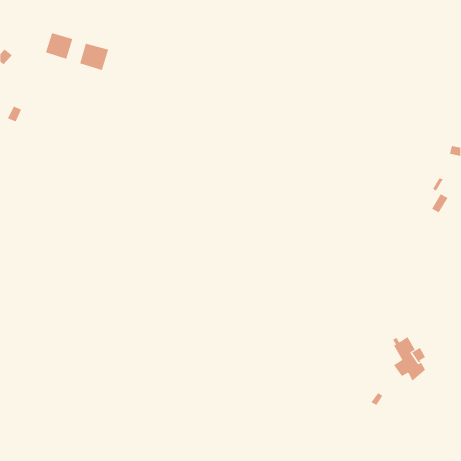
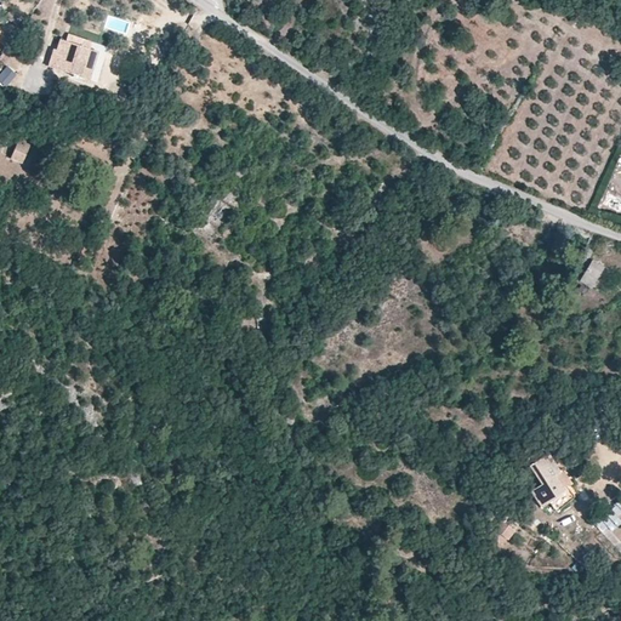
building: [80,43,109,71] -> none

